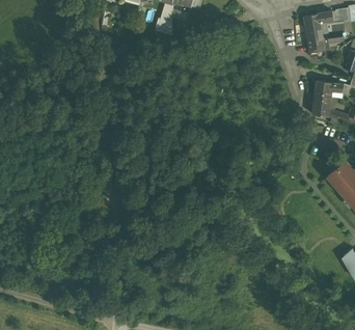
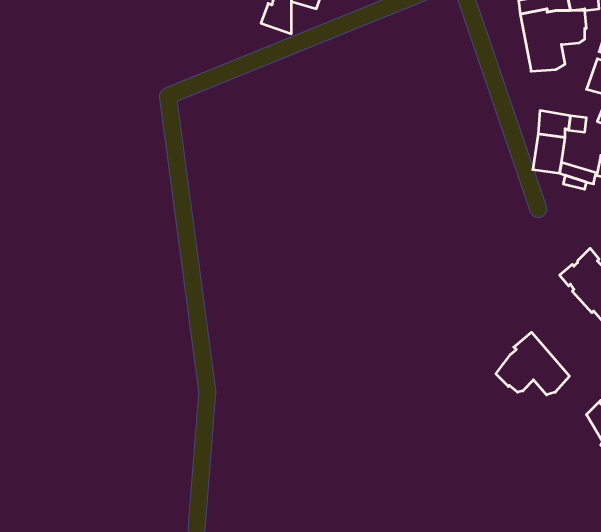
building: none -> [496,332,569,395]

